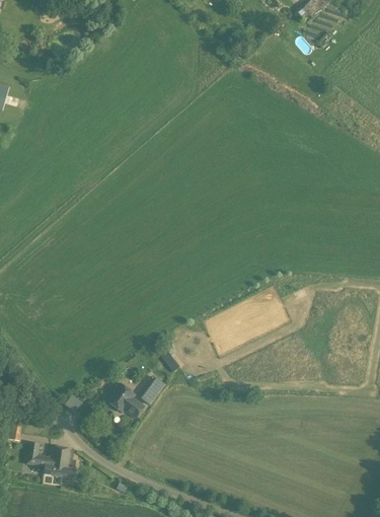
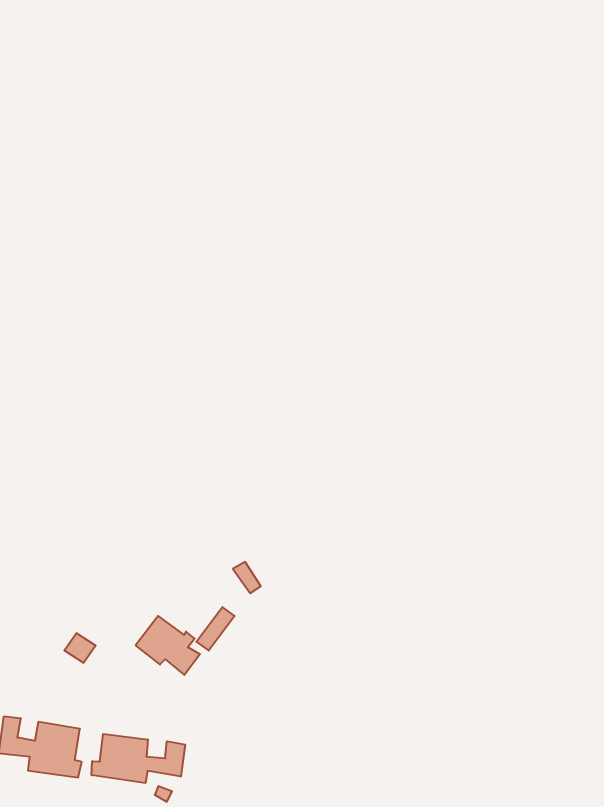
building: none -> [92,734,185,783]

